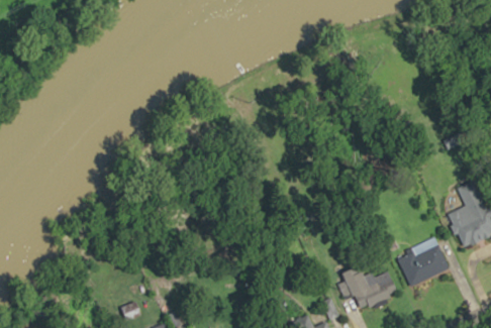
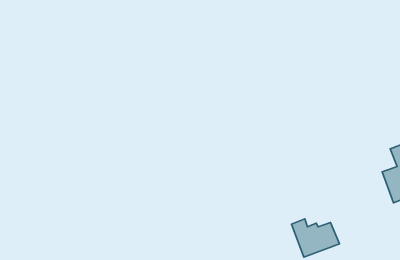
building: [396,239,448,286] -> none

